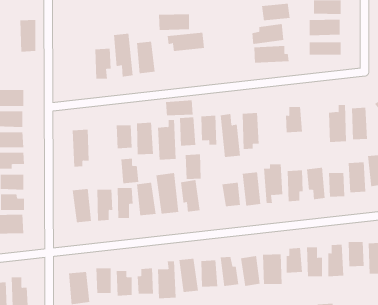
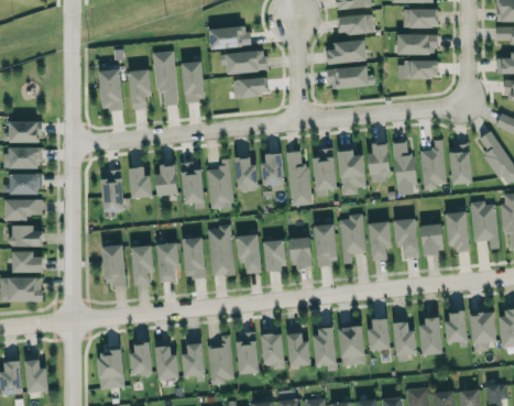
building: [19,19,36,52] -> [100,69,121,110]
building: [165,100,194,116] -> [233,77,269,97]
building: none -> [394,142,416,195]
building: none -> [338,146,364,195]
building: [185,154,202,180] -> [264,240,285,272]
building: [121,158,139,184] -> [129,166,152,198]

